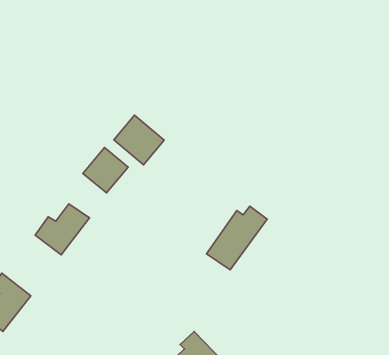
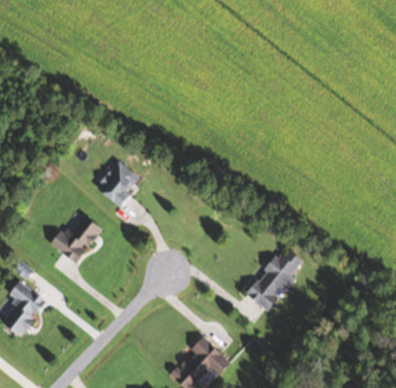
building: [114,115,164,165] -> none
building: [206,206,267,270] -> [246,250,304,311]

